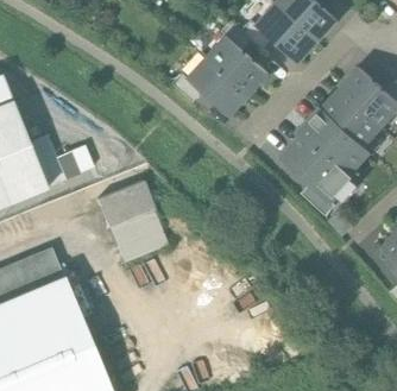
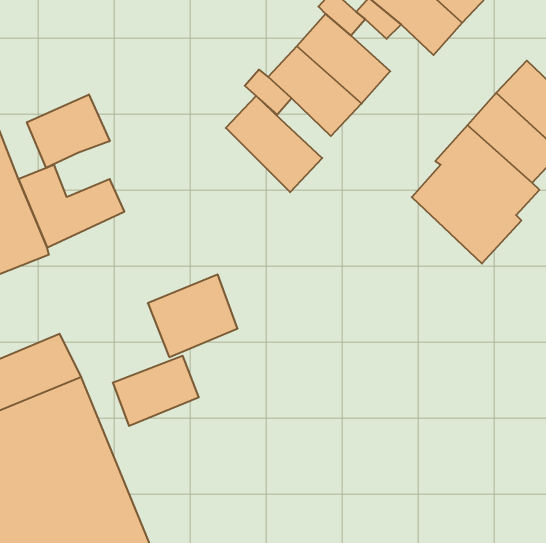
building: none -> [27,94,110,168]
building: none -> [226,96,322,192]
building: [97,183,155,229] -> [113,356,199,426]

